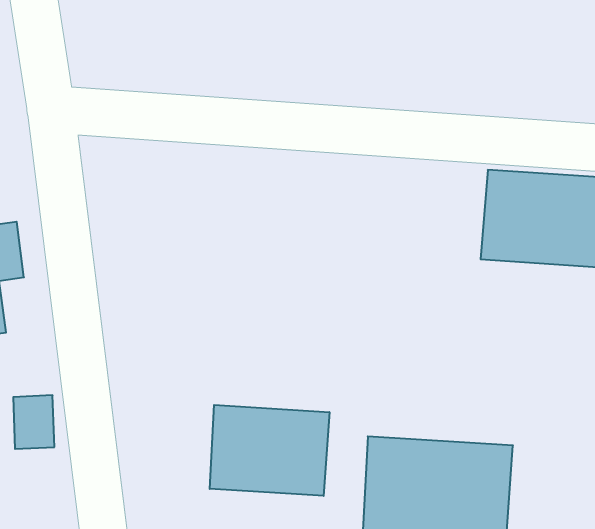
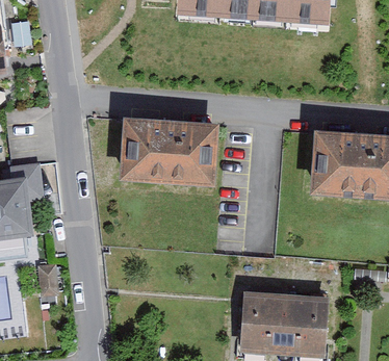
building: none -> [116,121,211,184]
building: [210,405,329,496] -> none

